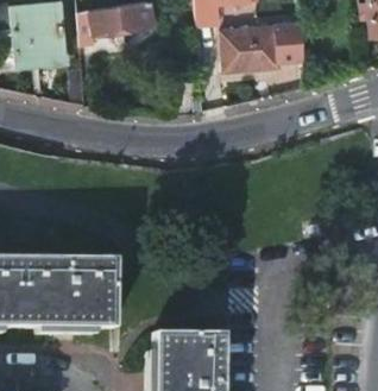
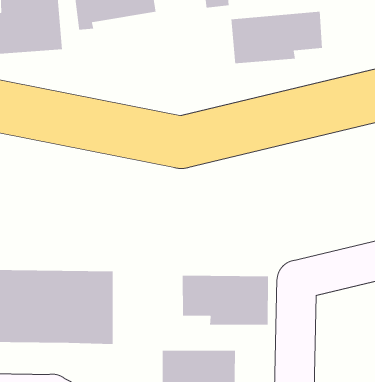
building: none -> [182,275,269,326]

